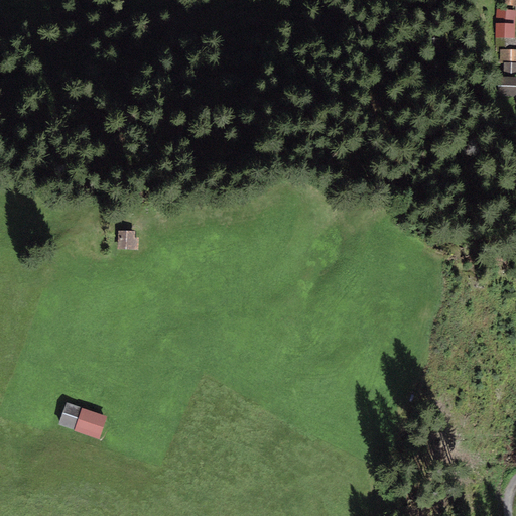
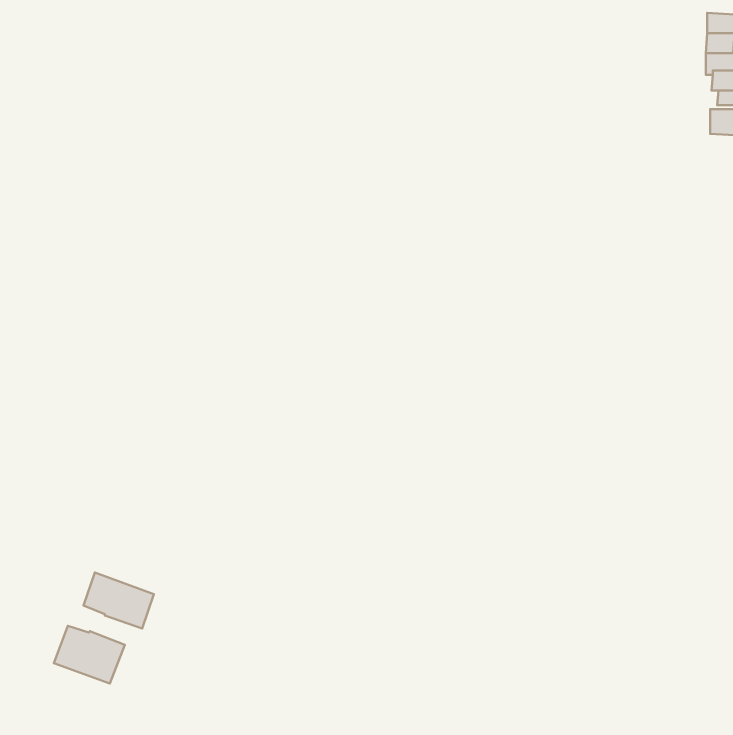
building: [118,230,140,250] -> none
building: none -> [54,626,125,684]

